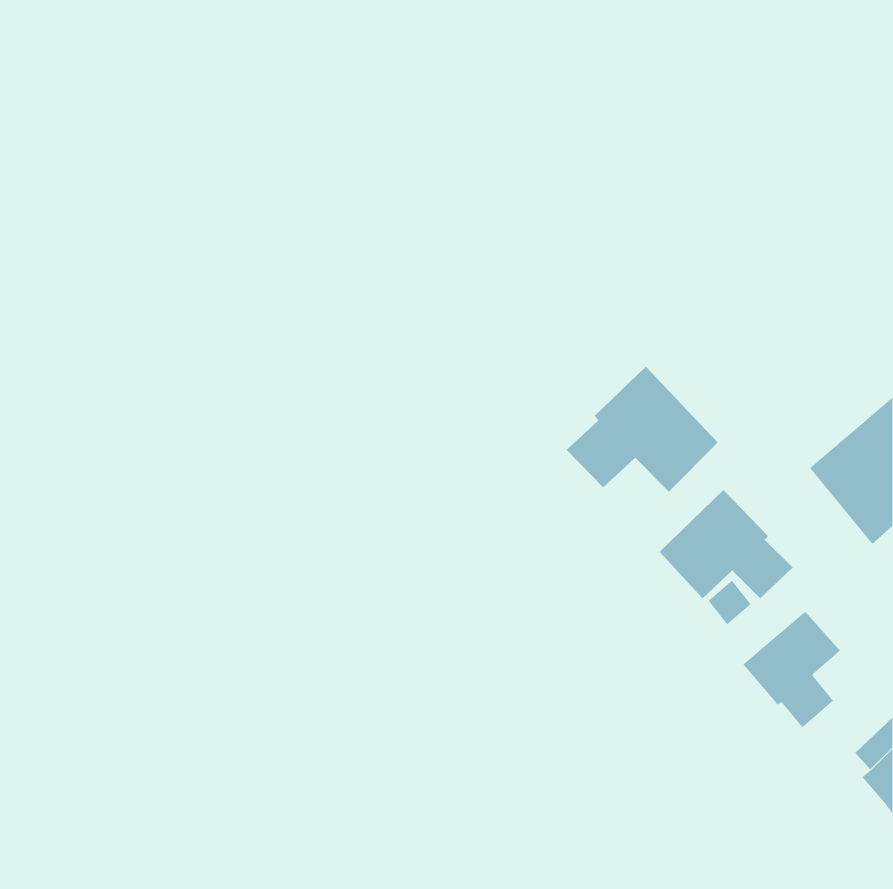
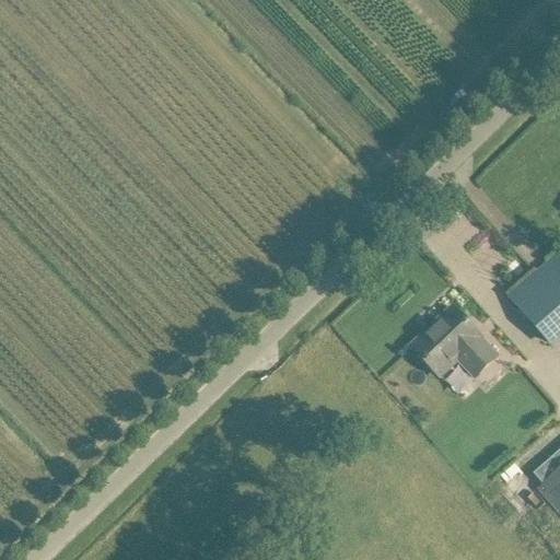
building: [566,366,719,493] -> none
building: [742,611,841,728] -> none

